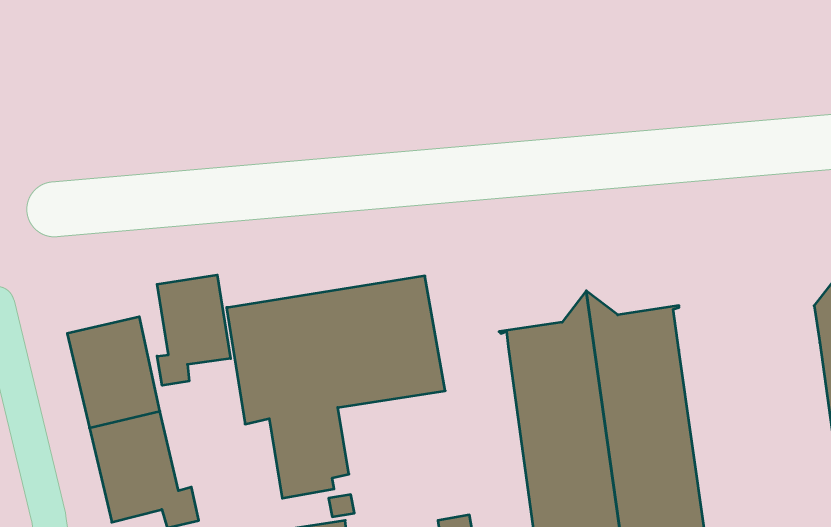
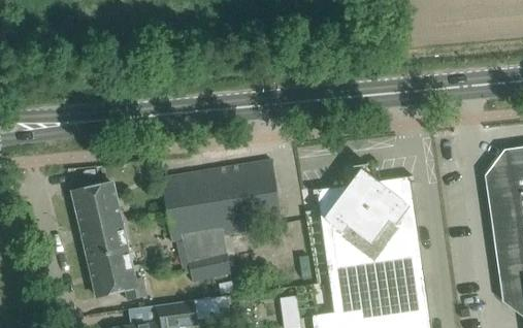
building: [157,275,231,385] -> none

